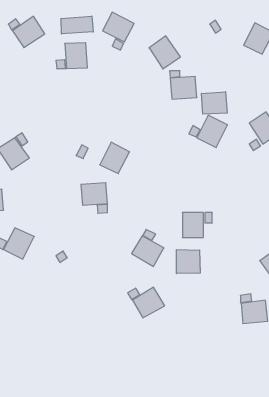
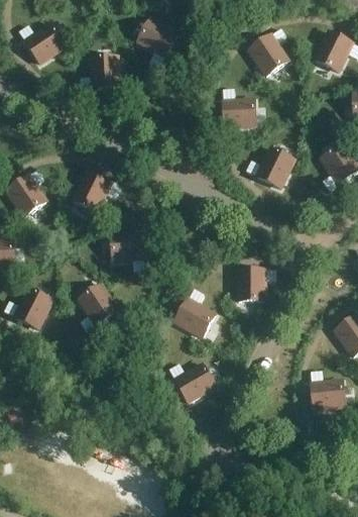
building: [61,16,93,34] -> none
building: [149,36,180,69] -> [249,34,288,76]
building: [202,92,227,114] -> none
building: [100,142,130,174] -> [73,172,110,211]
building: none -> [79,284,118,325]
building: [177,250,200,274] -> none

